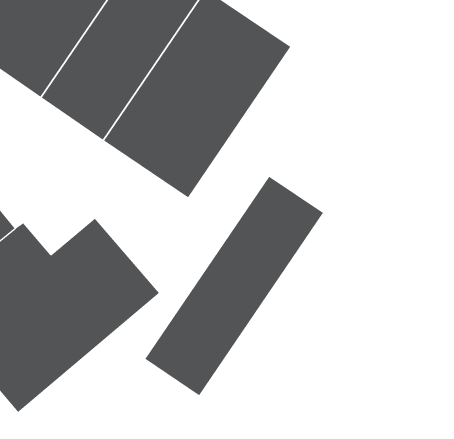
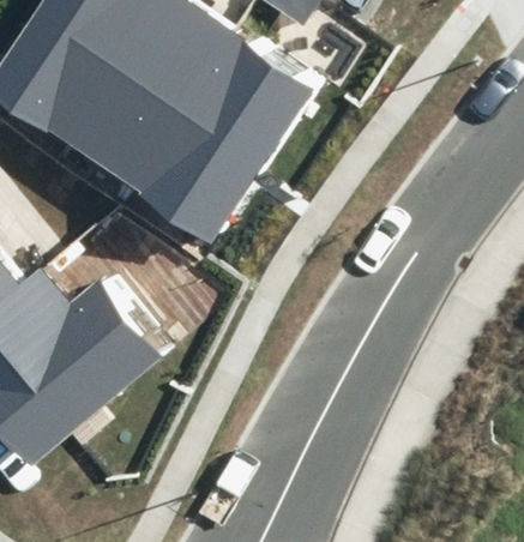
building: [144,176,324,396] -> none

